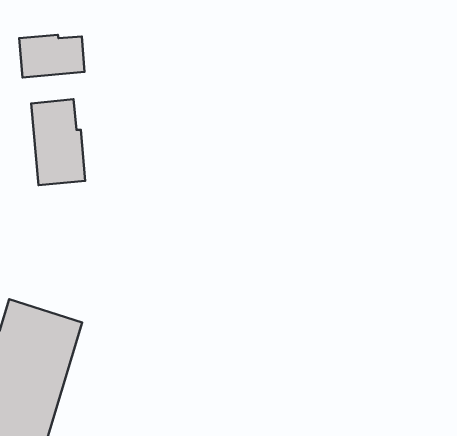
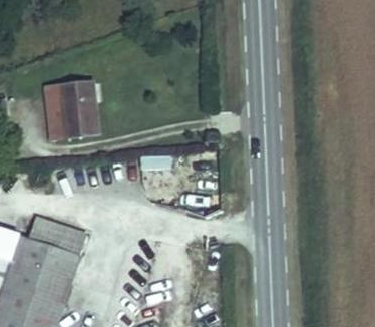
building: [19,35,84,77] -> none

